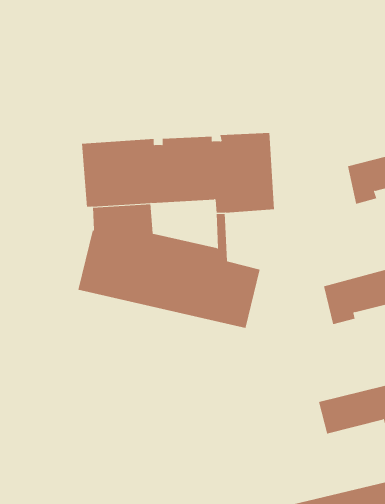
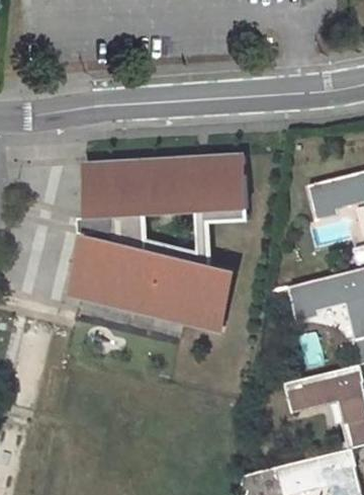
building: none -> [76,238,224,332]

